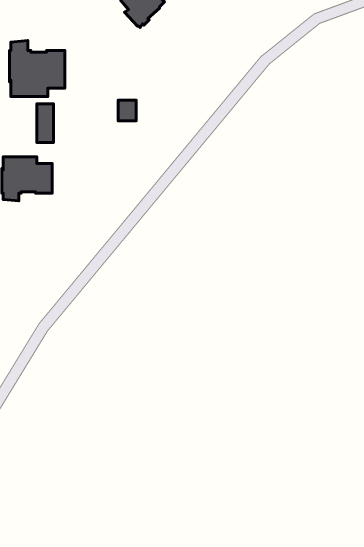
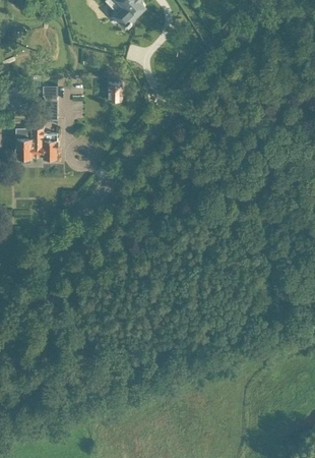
building: [9,40,65,97] -> none

